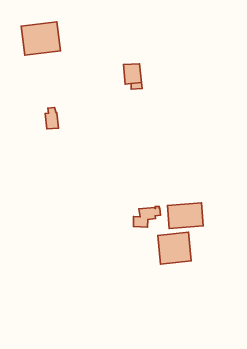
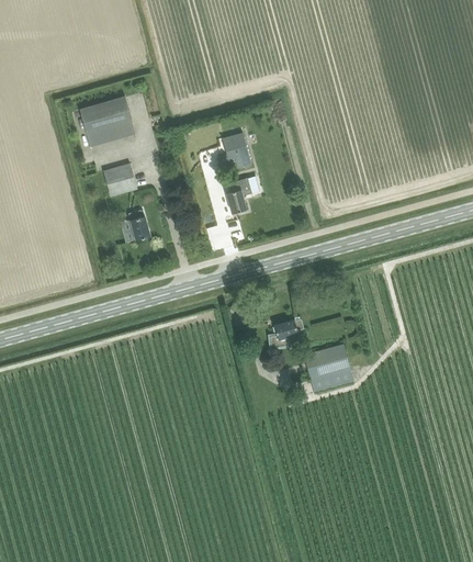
building: none -> [102,164,136,196]
building: none -> [225,178,251,214]
building: [168,203,203,229] -> none

